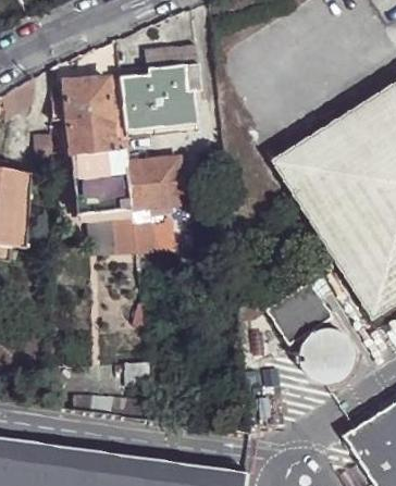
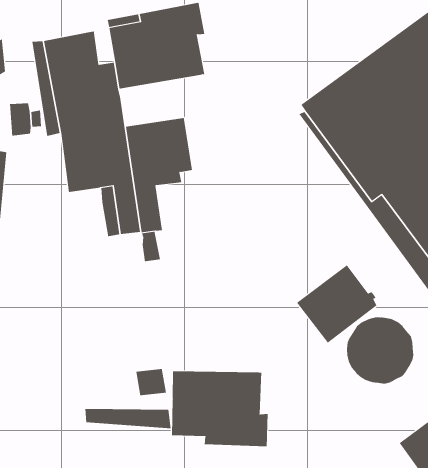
building: none -> [172,370,268,447]

